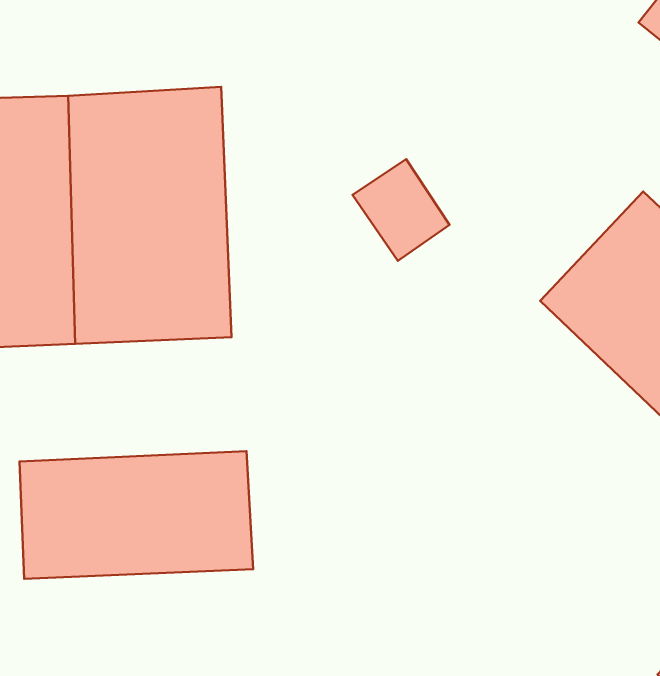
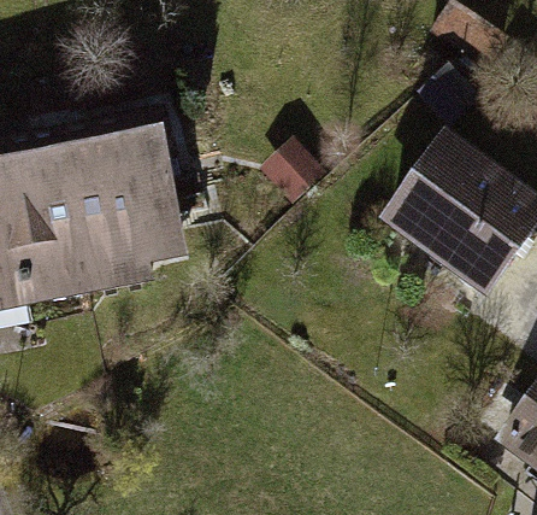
building: [19,451,253,579] -> none

